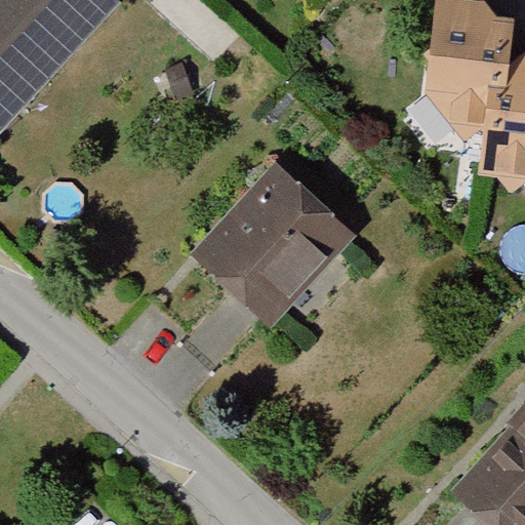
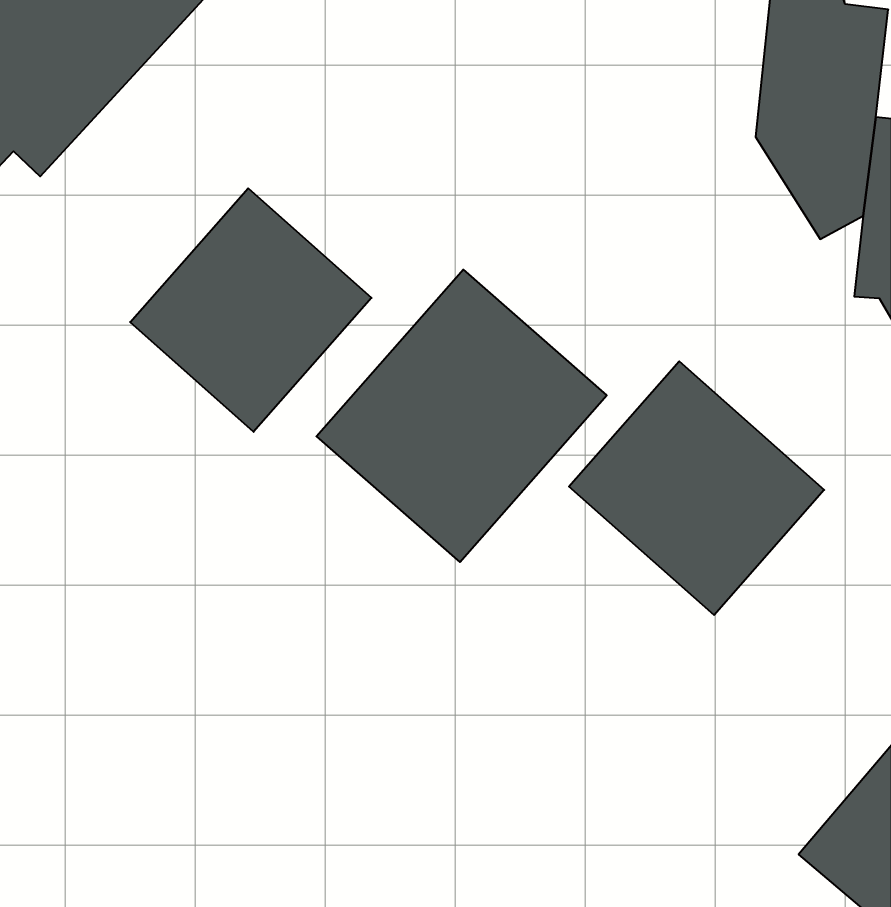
building: none -> [130,188,372,432]
building: none -> [569,361,824,615]

